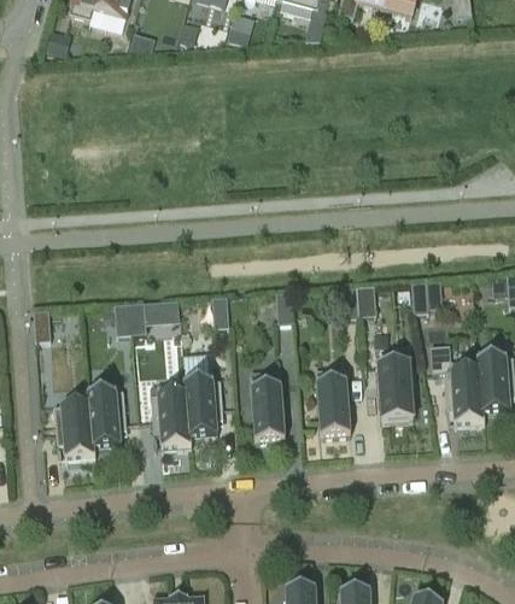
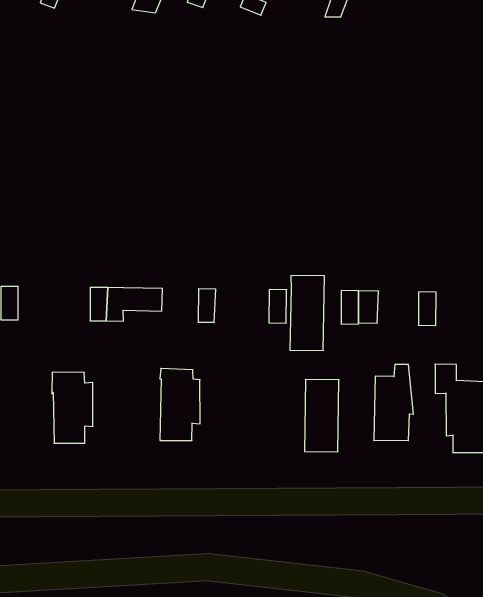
building: [250,371,285,441] -> [290,276,324,350]
building: [150,382,191,448] -> none
building: [53,403,94,461] -> none

